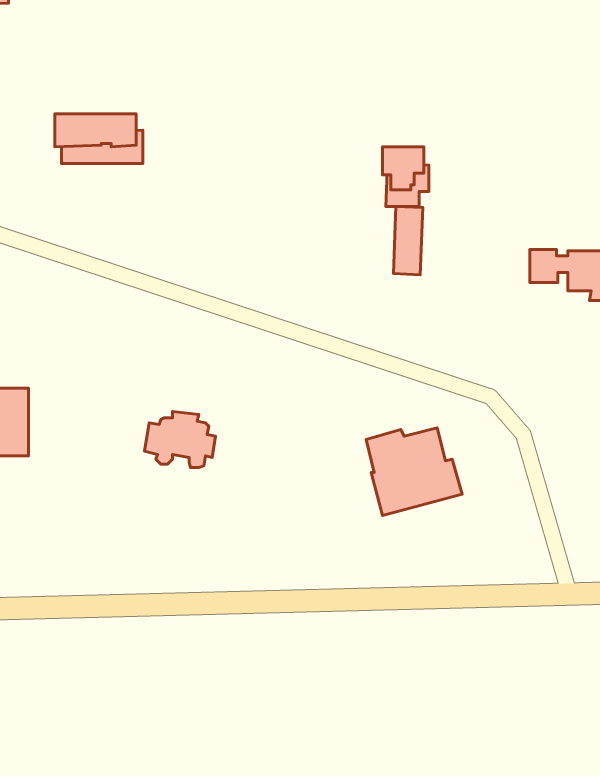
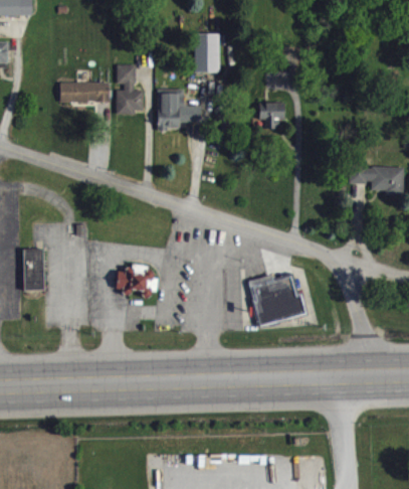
building: none -> [194,33,218,71]
building: none -> [116,63,142,114]
building: none -> [157,89,201,129]
building: [393,206,423,275] -> none

